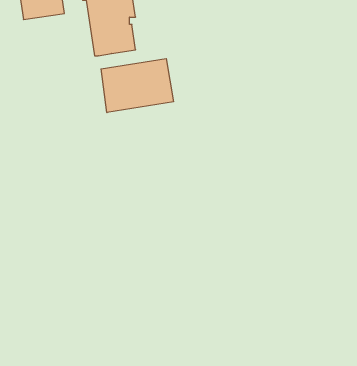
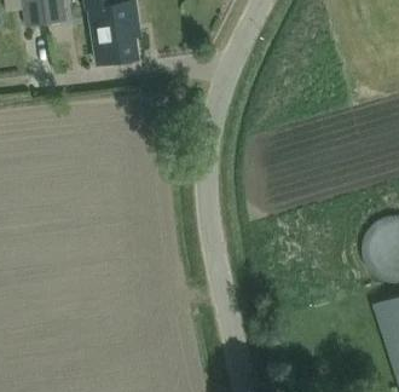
building: [101,59,173,113] -> none

